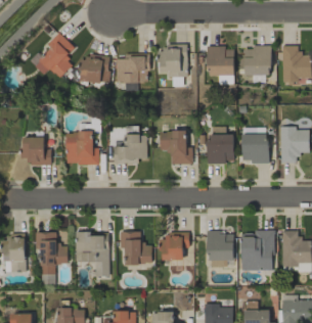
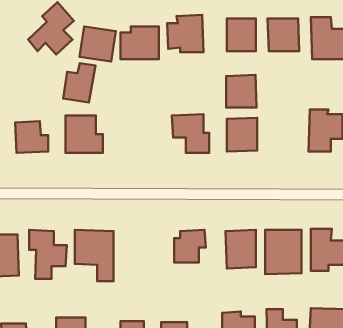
building: none -> [63,63,95,102]
building: [242,134,269,163] -> [226,75,257,108]
building: [114,135,147,165] -> none
building: [120,232,151,265] -> none

